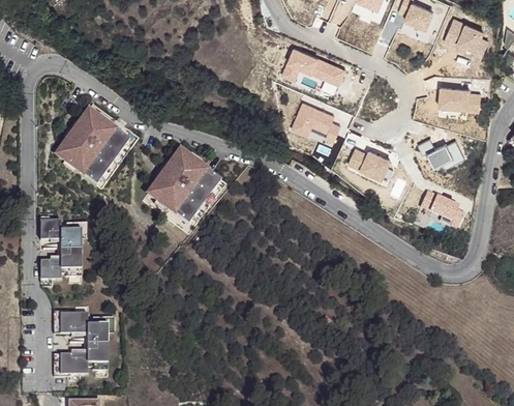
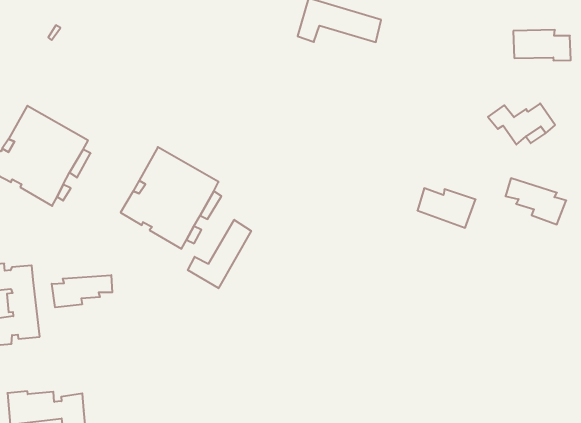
building: [294,103,343,142] -> none
building: [351,148,393,179] -> [417,188,476,228]
building: none -> [188,220,251,288]
building: none -> [52,275,112,307]

